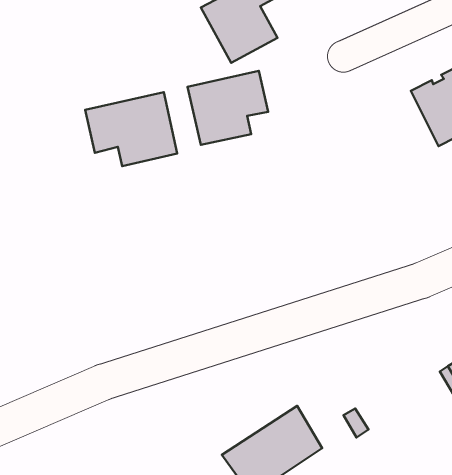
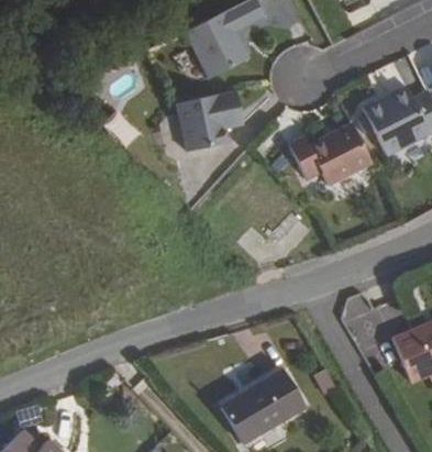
building: [85,92,177,166] -> none
building: none -> [290,122,373,183]

